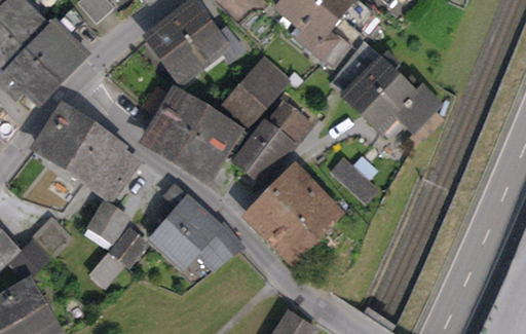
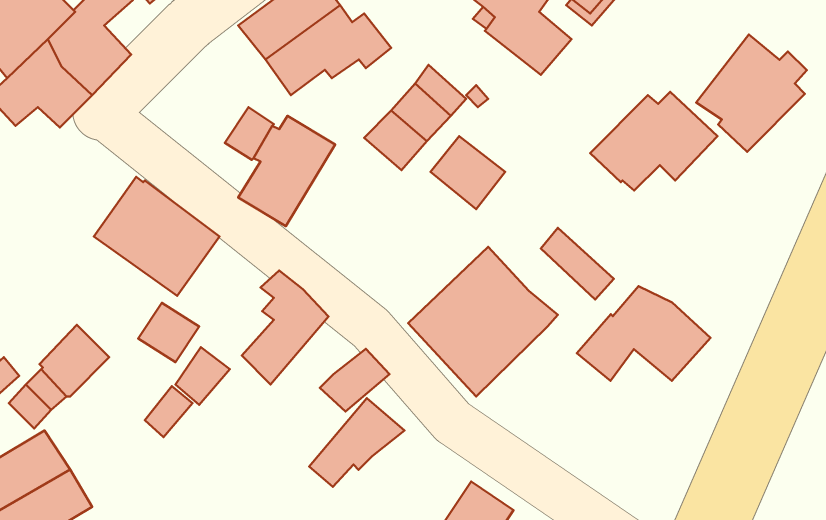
building: [330,41,397,112] -> [696,34,807,152]
building: [177,107,243,174] -> none
building: [36,109,86,162] -> none
building: [236,123,292,181] -> none
building: none -> [577,286,711,381]
building: [167,211,225,264] -> [309,398,404,487]

